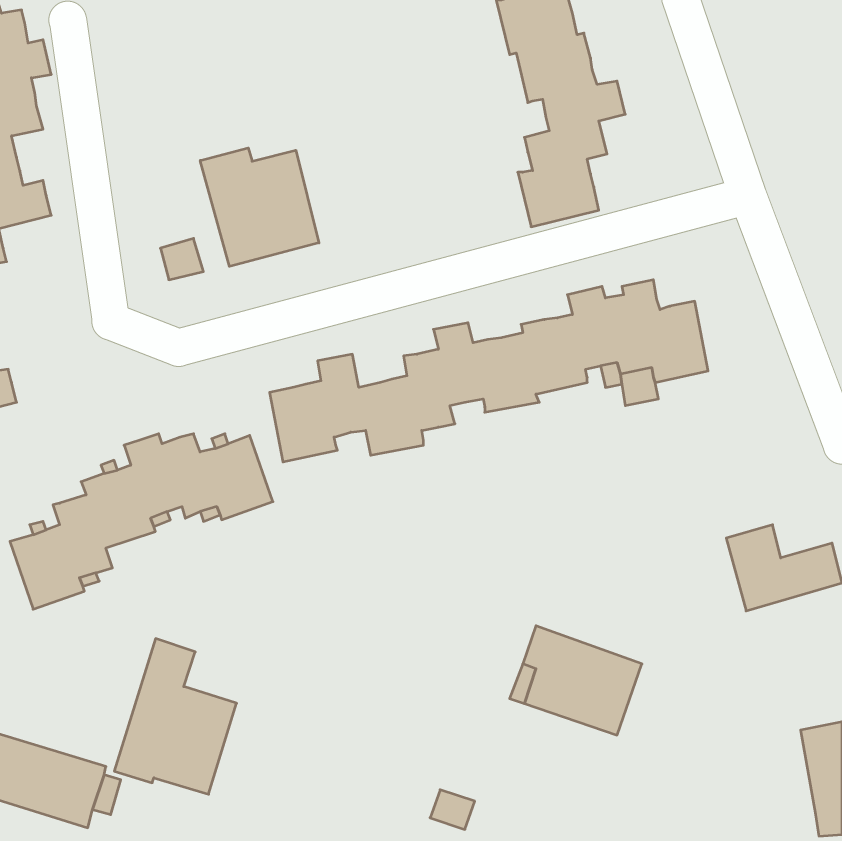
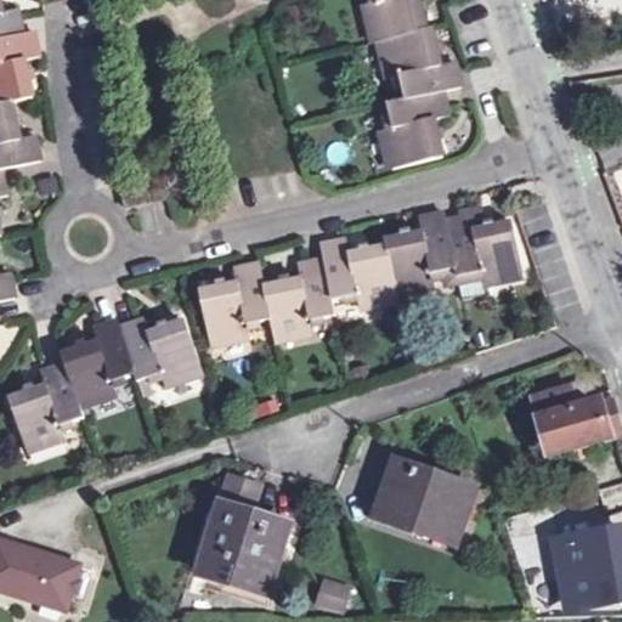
building: [200,148,319,266] -> none
building: [114,639,237,794] -> [198,474,288,588]
building: none -> [556,536,599,604]

